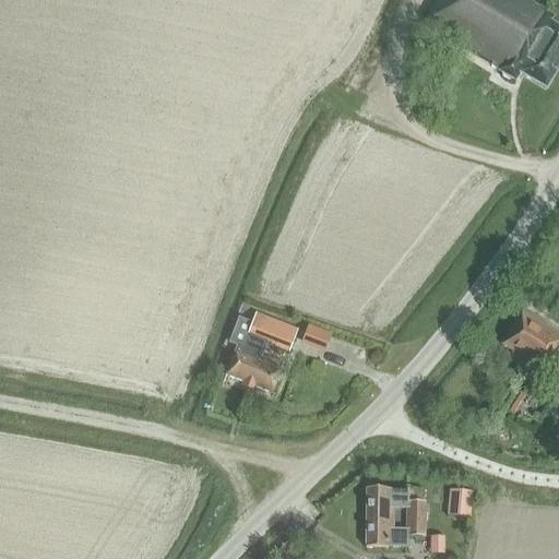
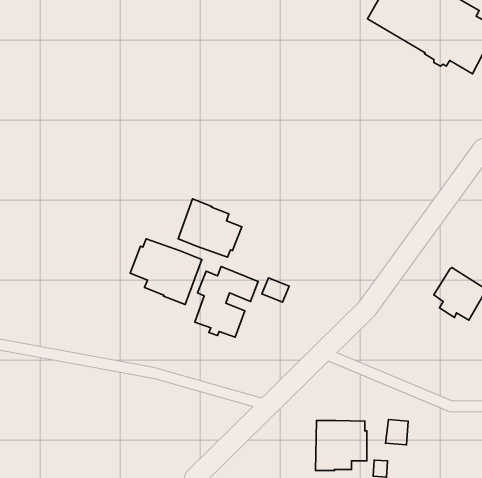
building: none -> [178,199,242,257]
building: none -> [130,239,202,305]

